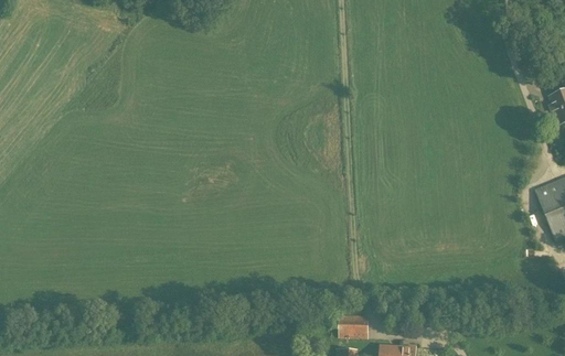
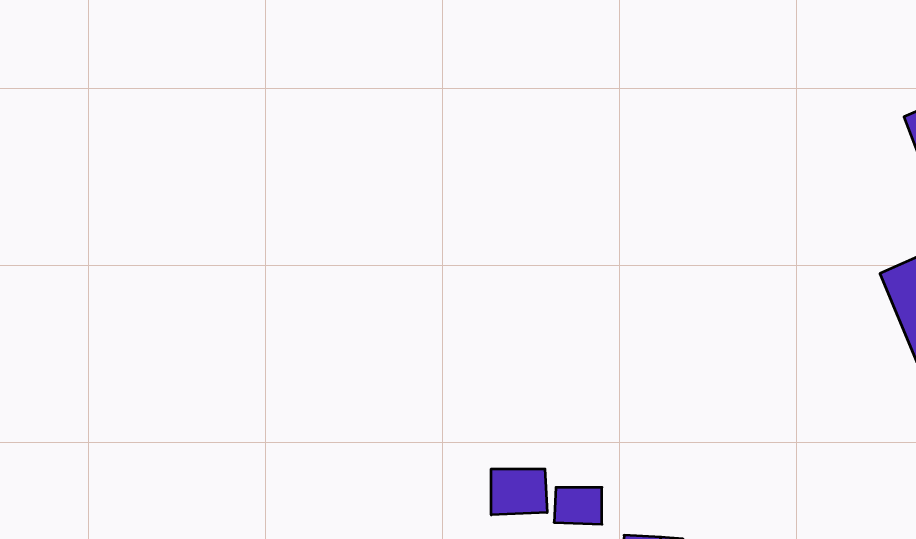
building: none -> [491,469,547,515]

